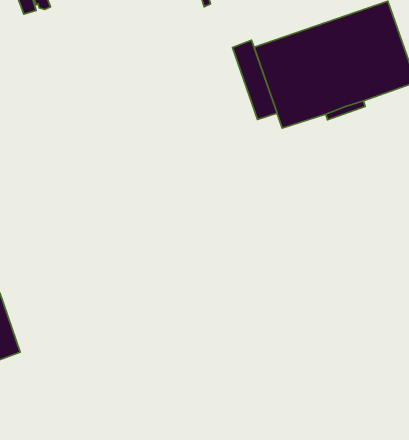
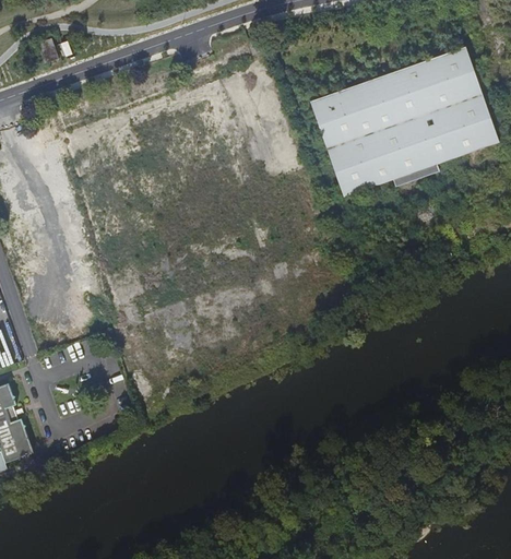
building: [233,40,277,119] -> none

